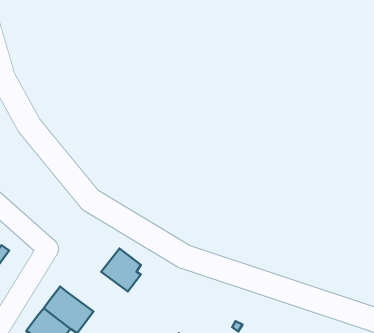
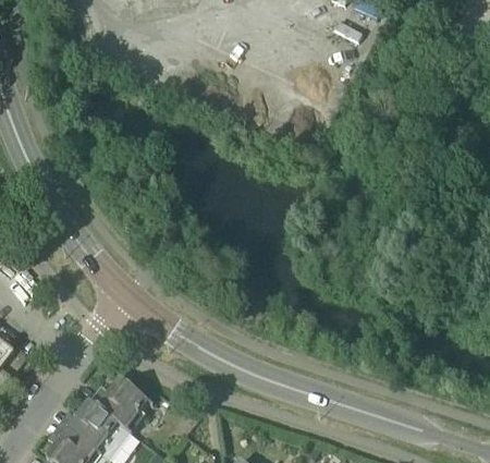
building: [101,249,141,292] -> [96,380,146,435]

